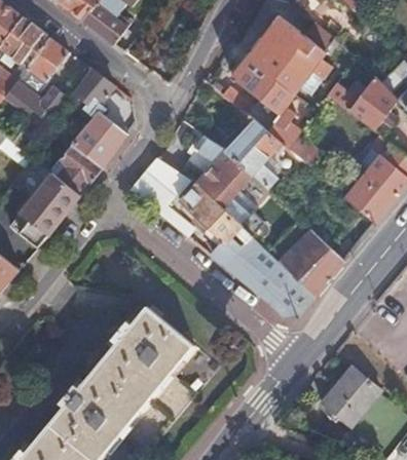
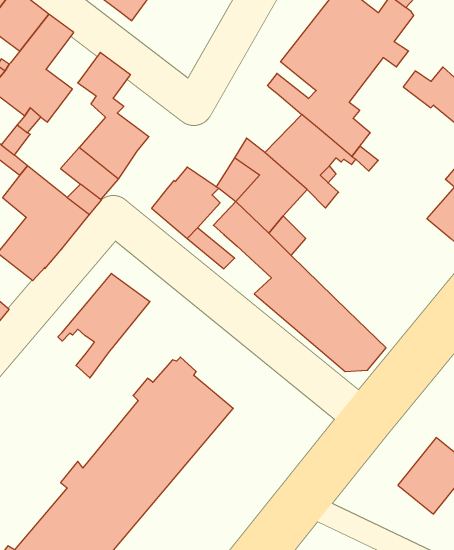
building: [284,228,341,298] -> none
building: none -> [58,273,150,378]

